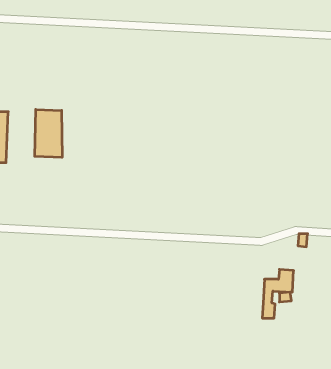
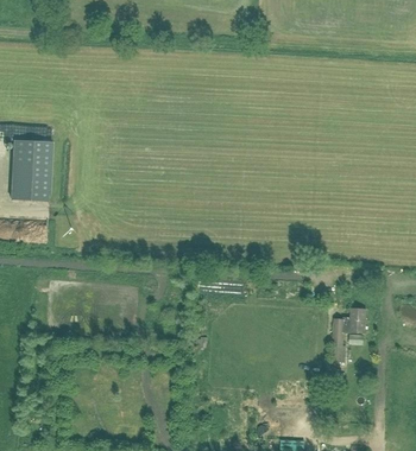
building: [35,109,62,157] -> none

